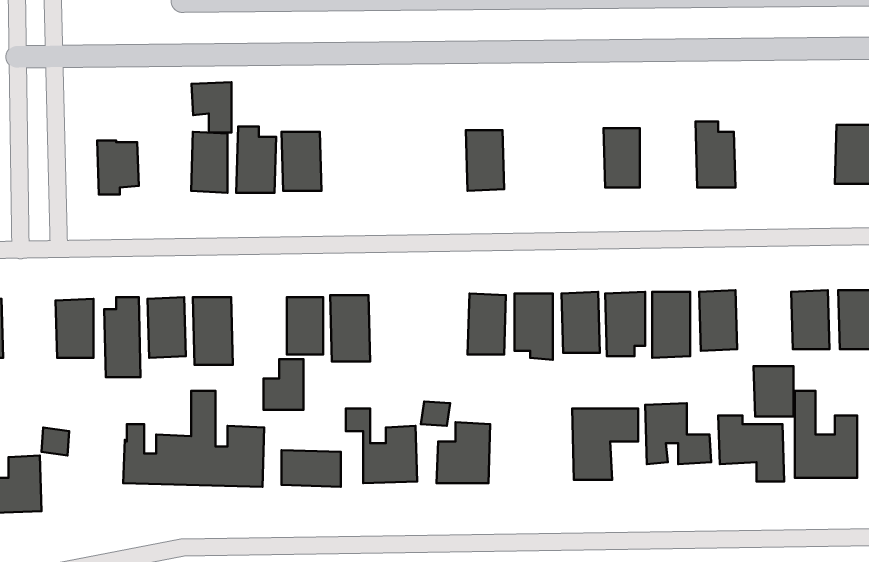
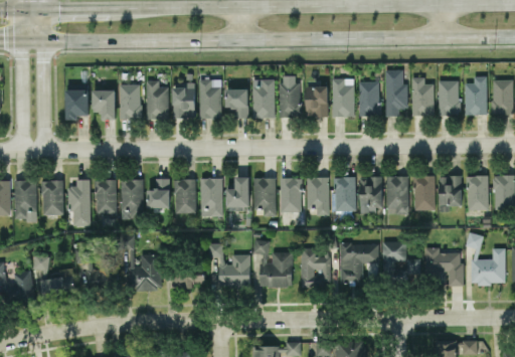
building: [191,82,231,132] -> [92,90,115,119]
building: none -> [383,69,406,116]
building: none -> [464,76,487,115]
building: none -> [331,78,353,117]
building: none -> [198,79,220,118]
building: none -> [251,79,274,118]
building: none -> [438,80,459,115]
building: none -> [305,86,327,117]
building: none -> [225,88,247,118]
building: none -> [225,177,248,208]
building: none -> [252,177,276,216]
building: none -> [13,180,36,222]
building: [263,359,303,410] -> [146,179,169,208]
building: [753,366,793,417] -> [438,176,461,205]
building: none -> [299,247,330,288]
building: none -> [40,269,74,297]

